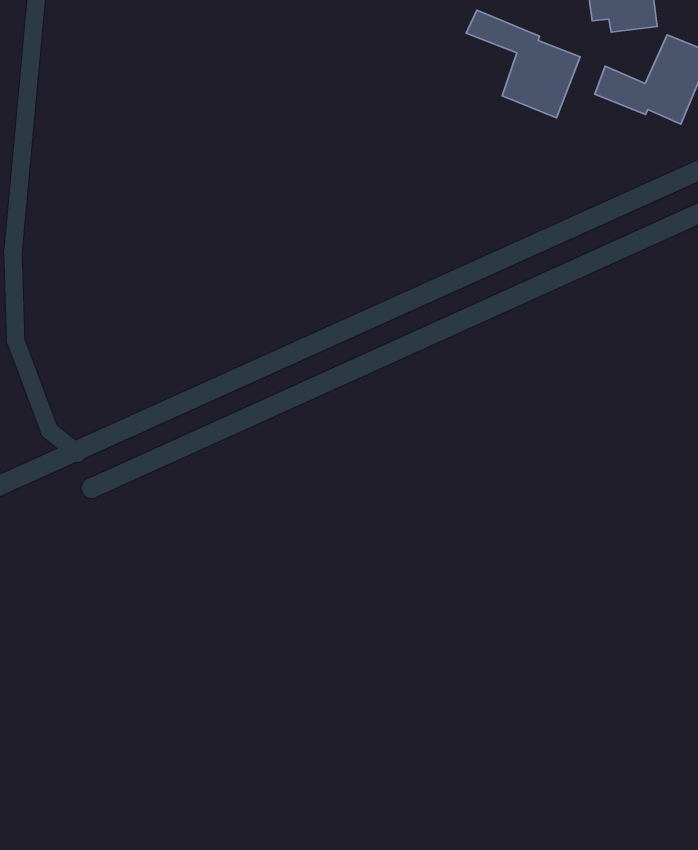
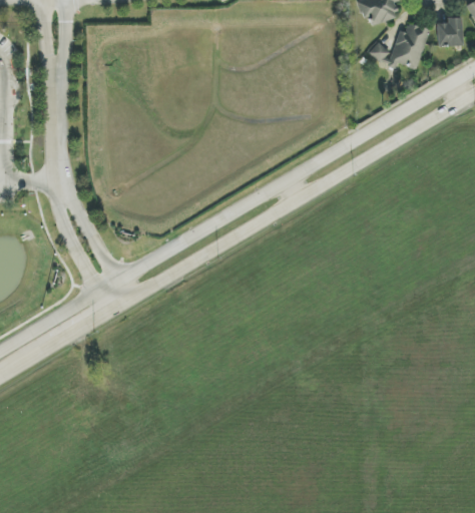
building: [466,10,580,118] -> none

